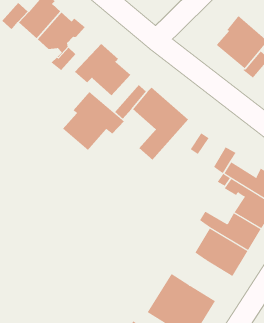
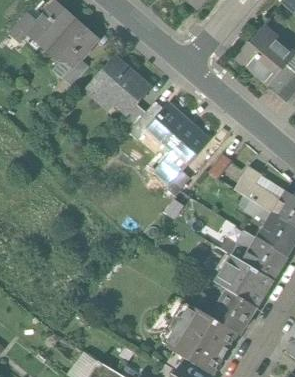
building: [62,91,125,151] -> none
building: none -> [210,289,256,334]

